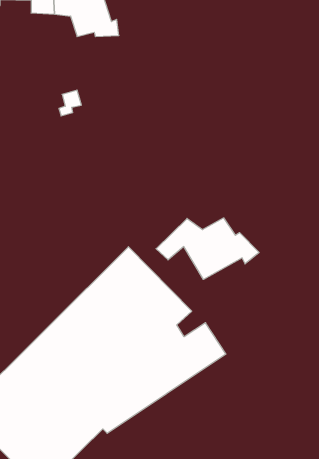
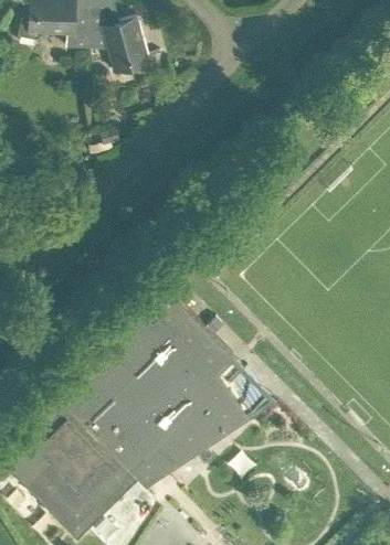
building: [156,218,259,279] -> none

